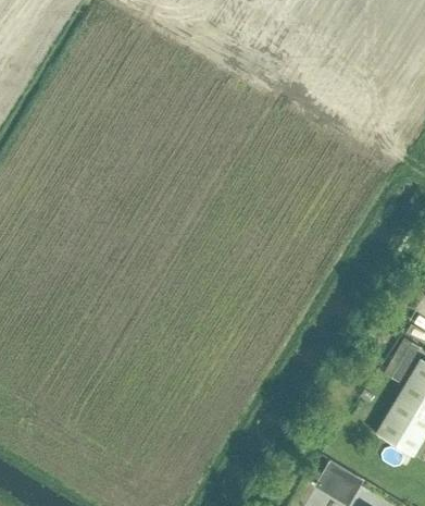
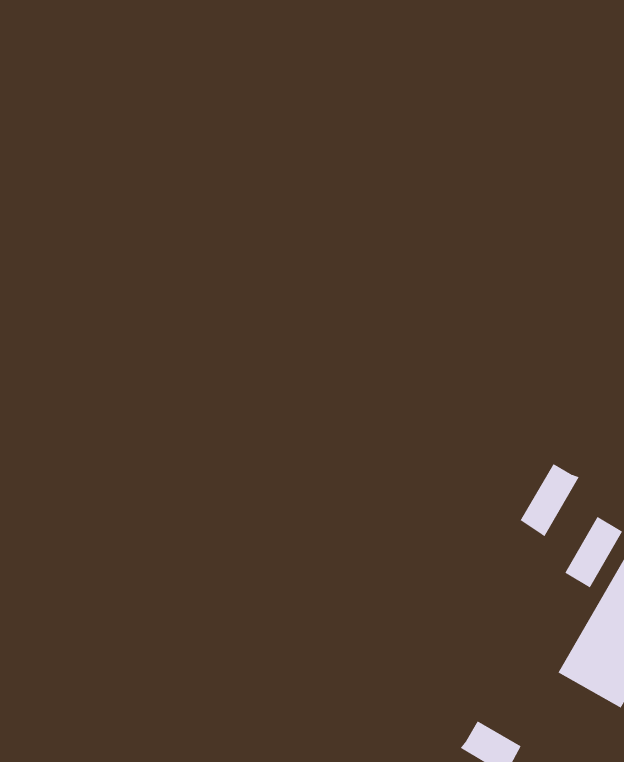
building: none -> [520,463,579,537]

